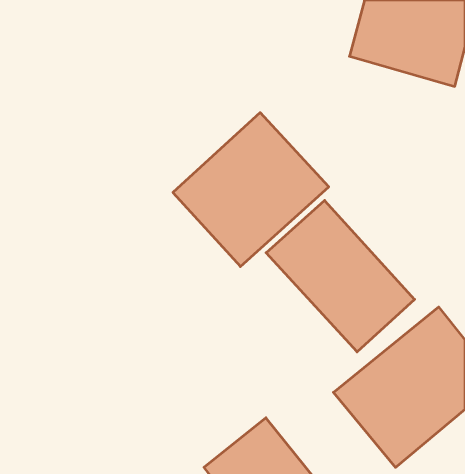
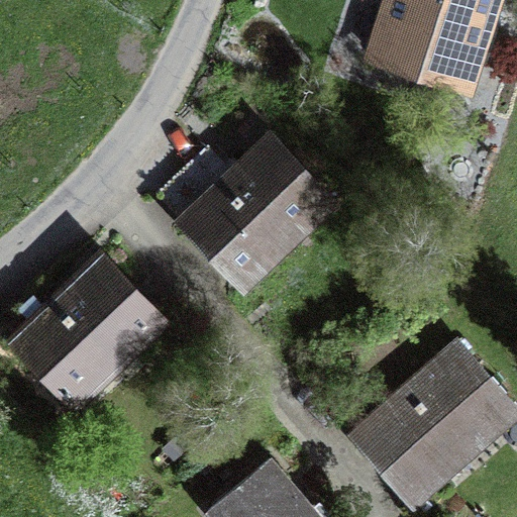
building: [266,200,415,352] -> none
building: none -> [12,245,180,410]

